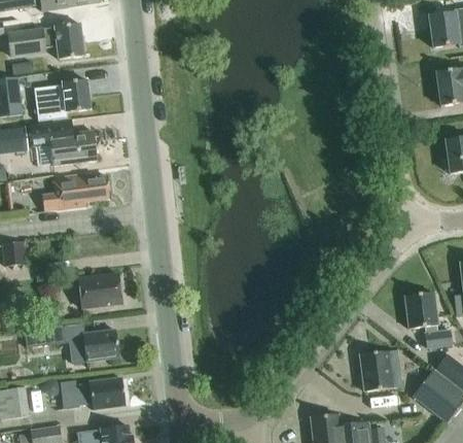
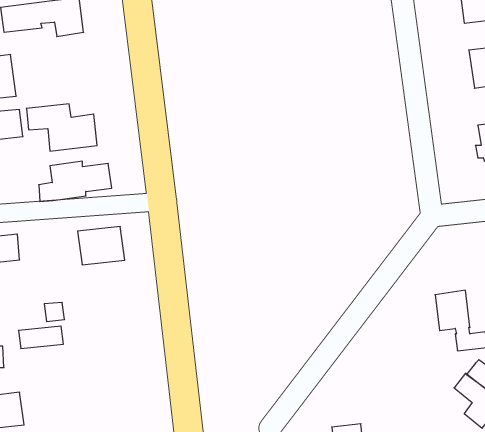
building: [34,78,90,120] -> none
building: [78,273,121,308] -> [78,227,125,265]
building: [70,329,118,361] -> none
building: [360,349,400,391] -> none
building: [60,377,124,409] -> none

